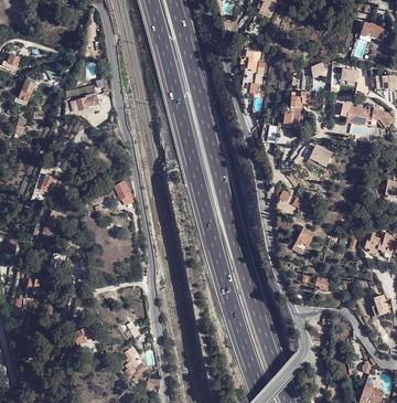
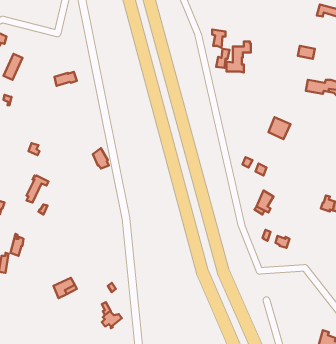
building: [282,89,309,124] -> [227,41,251,73]

